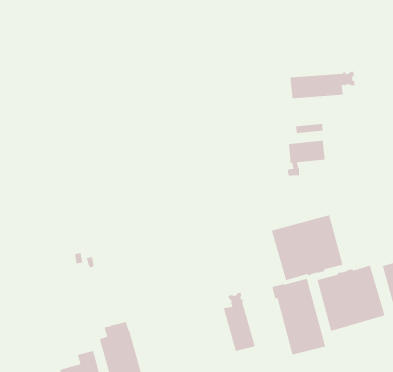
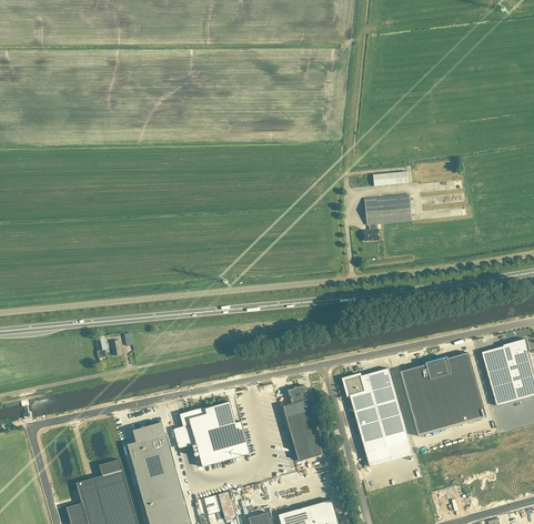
building: [290,71,355,99] -> none
building: [271,214,343,281] -> none
building: none -> [179,401,250,466]

